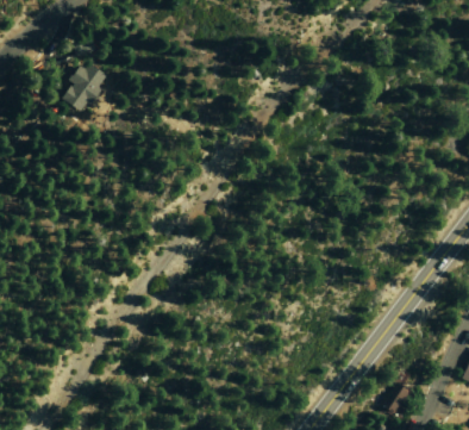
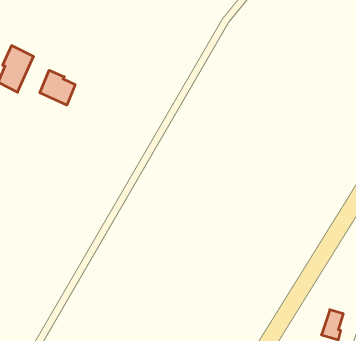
building: none -> [40,70,75,105]

